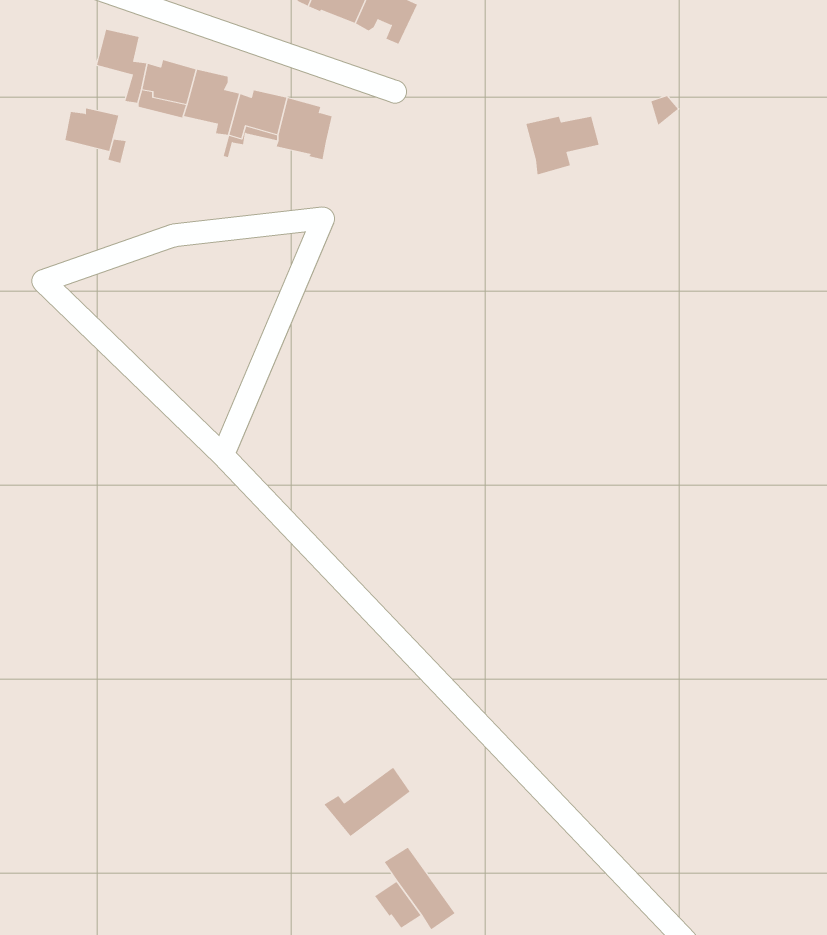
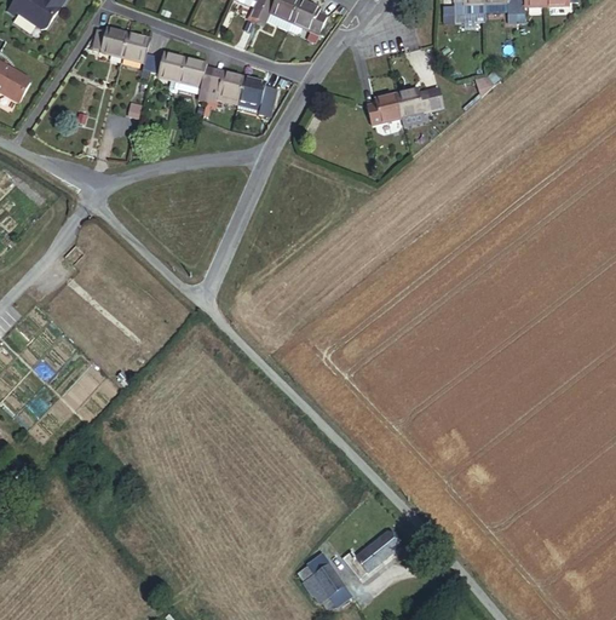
building: [64,108,119,151] -> [93,27,128,54]
building: none -> [367,92,403,124]
building: [324,767,411,837] -> [344,533,399,578]

